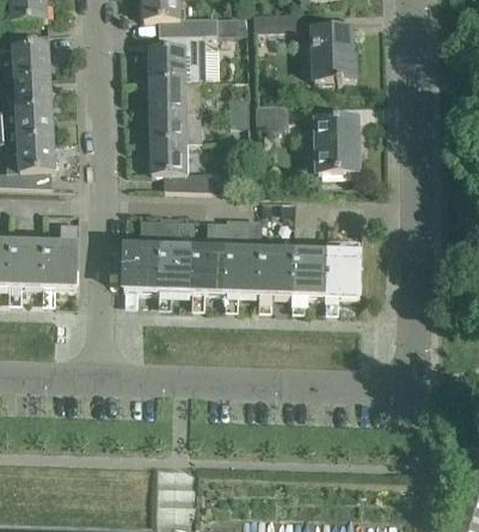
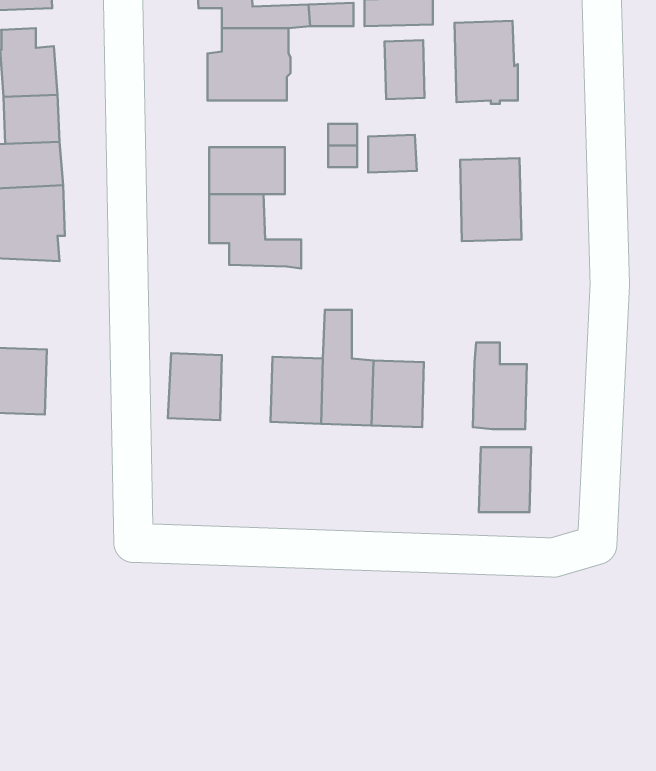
building: none -> [385,40,425,99]
building: [148,79,199,110] -> none
building: [156,215,191,291] -> none
building: [41,243,76,287] -> none
building: [290,252,325,295] -> [479,447,531,512]

